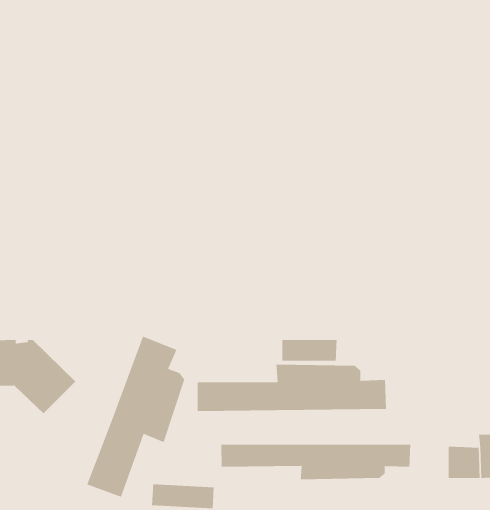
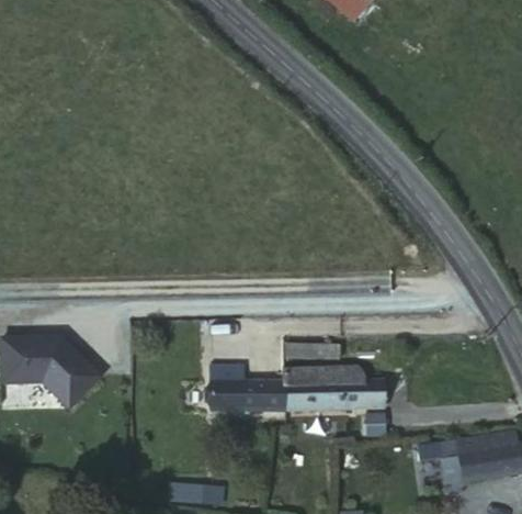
building: [86,336,185,498] -> none
building: [220,444,411,480] -> none

